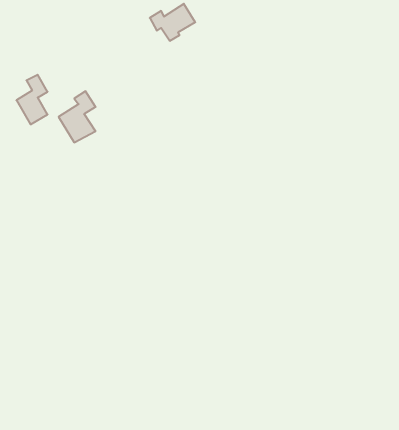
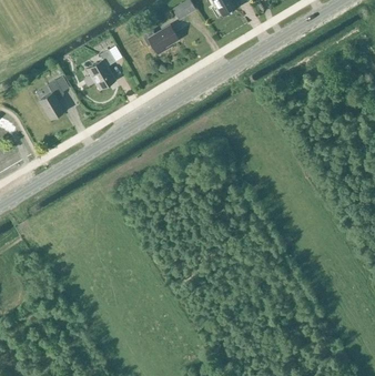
building: [59,91,96,142] -> [87,49,115,89]

